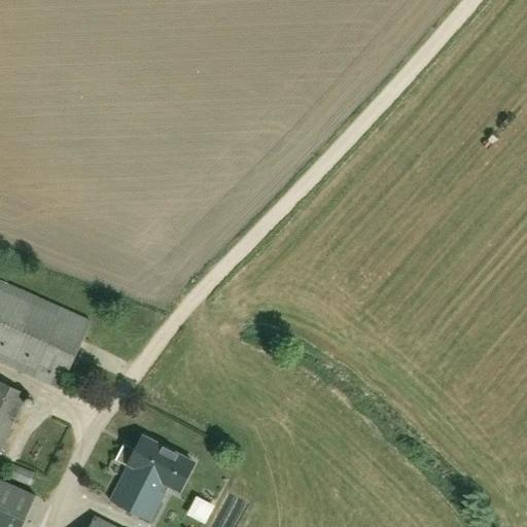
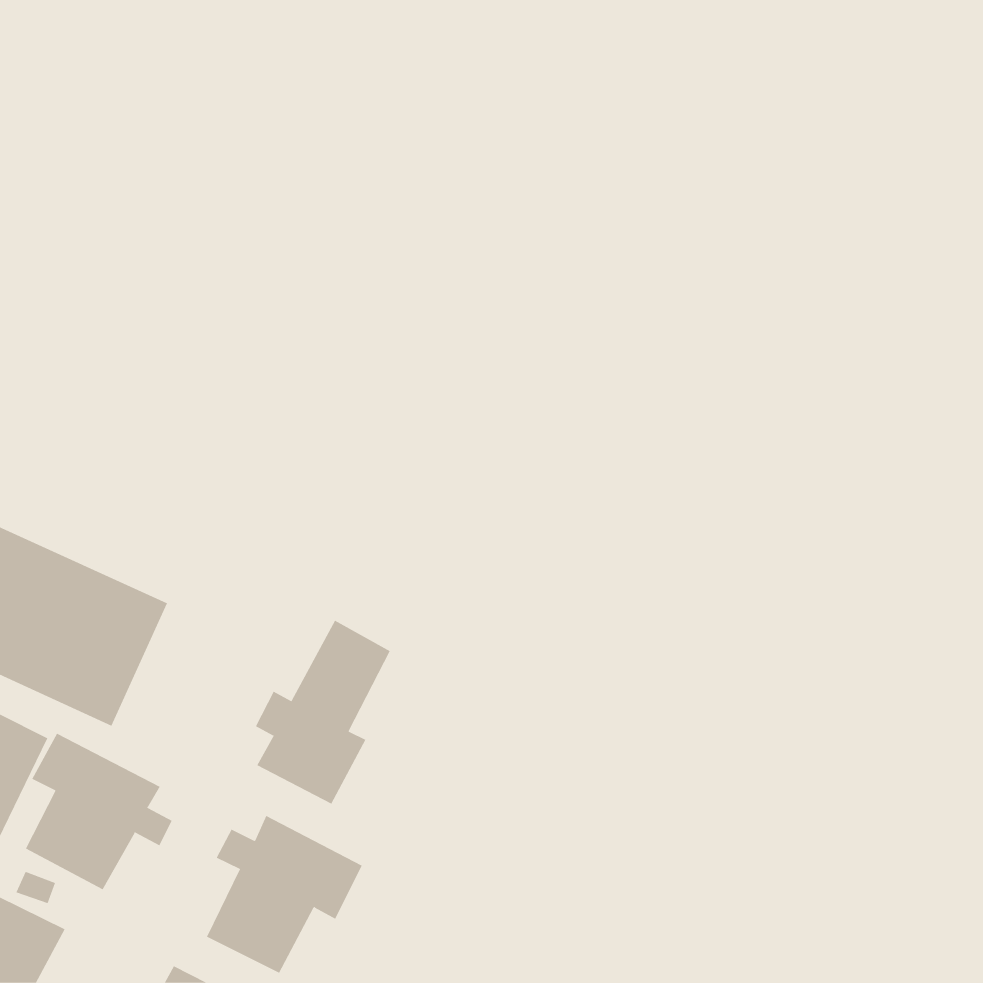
building: none -> [255,620,391,804]
building: none -> [25,733,173,890]

